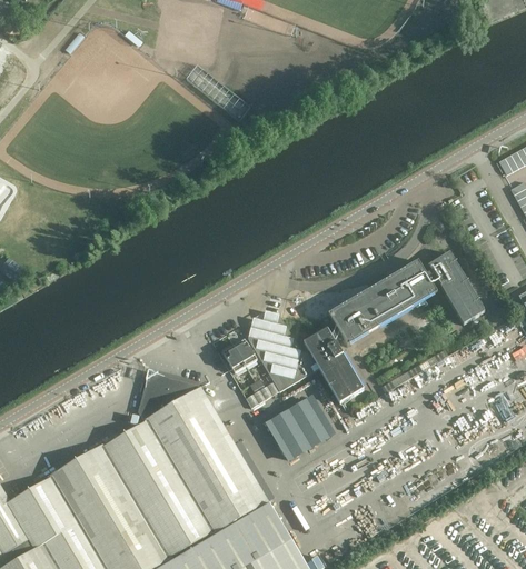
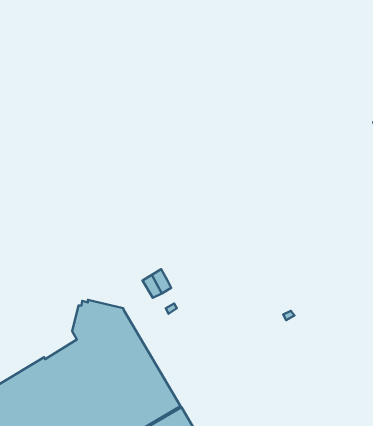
building: [246,252,484,408] -> none
building: [266,395,336,460] -> none

